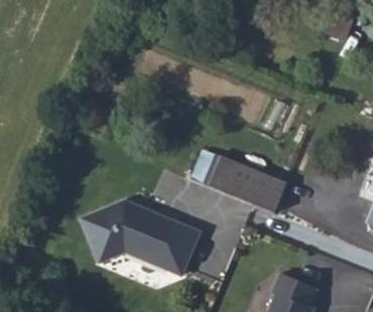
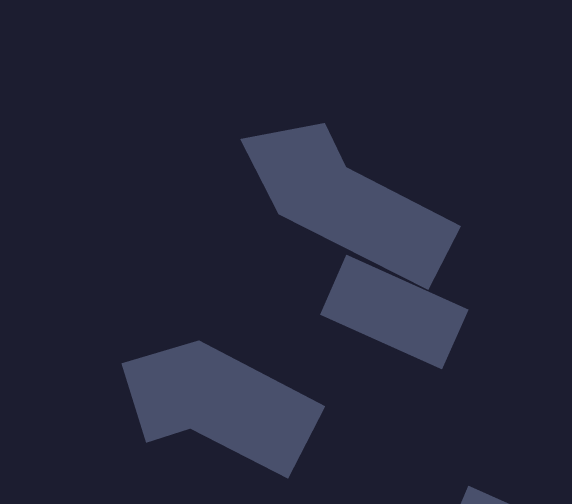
building: none -> [239,122,462,291]

